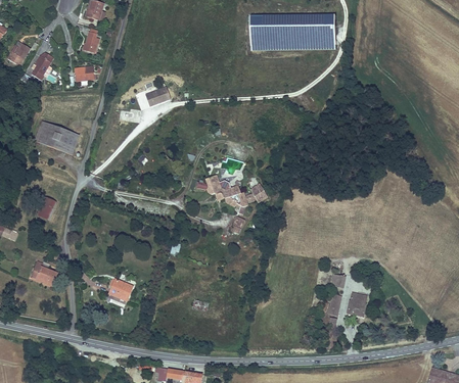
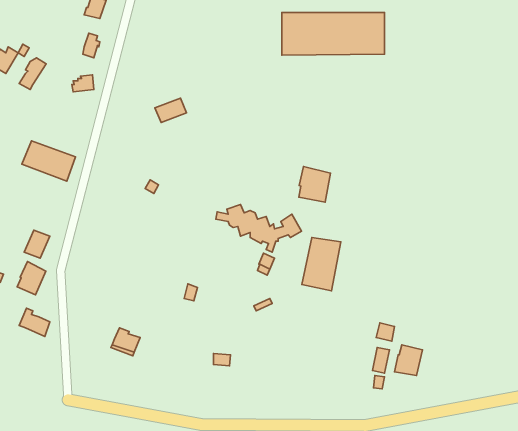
building: none -> [299,166,331,202]
building: none -> [302,237,341,291]
building: none -> [17,262,46,295]

